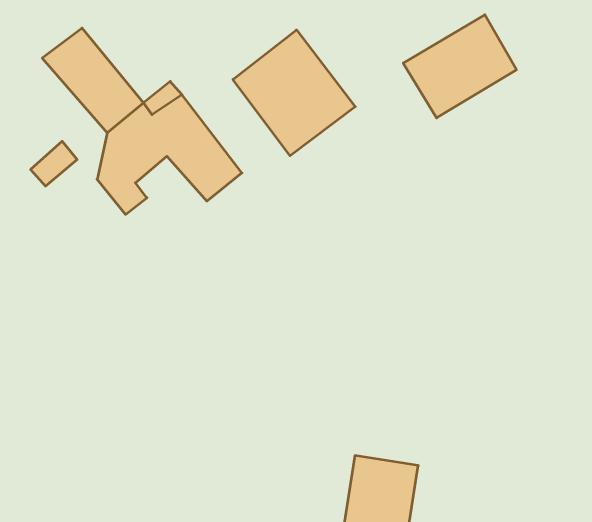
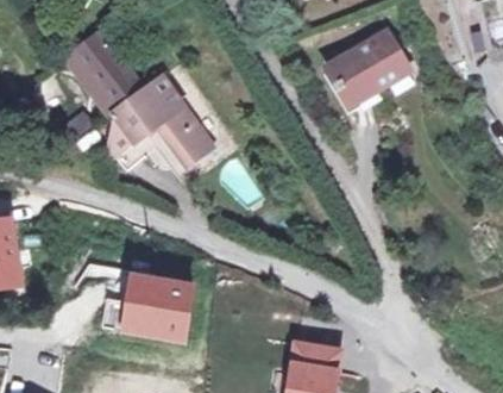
building: [233,30,355,156] -> none
building: none -> [103,279,193,342]

